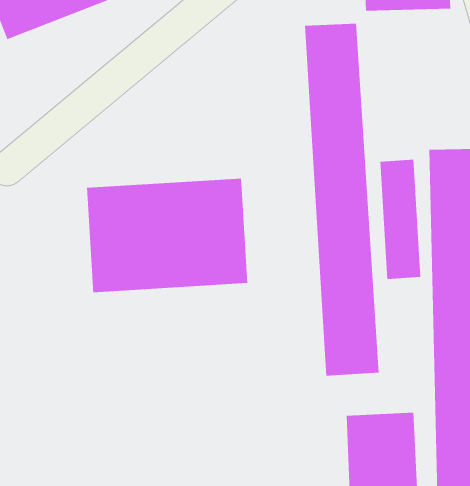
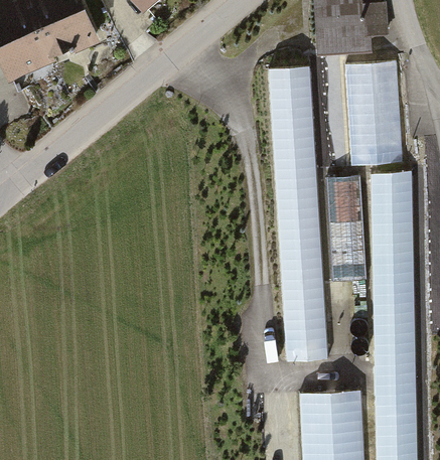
building: none -> [343,61,400,164]
building: [86,178,248,293] -> none

